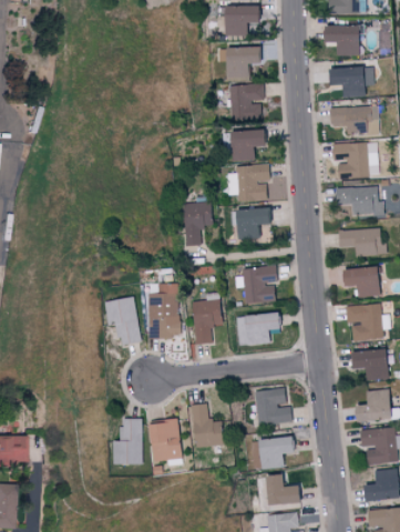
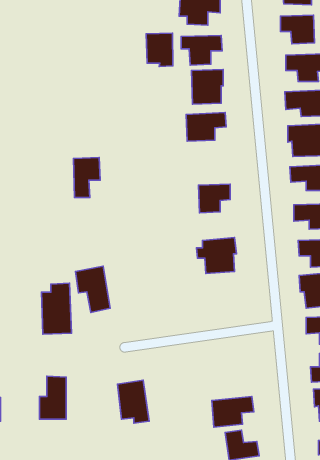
building: none -> [146,33,173,67]
building: [227,164,270,201] -> none
building: [184,202,213,245] -> [74,158,100,198]
building: [147,283,180,338] -> [42,283,71,334]
building: [192,293,223,345] -> none
building: [236,313,281,346] -> none
building: [255,387,294,426] -> none
building: [193,403,225,447] -> none
building: [113,418,142,464] -> [40,376,66,419]

